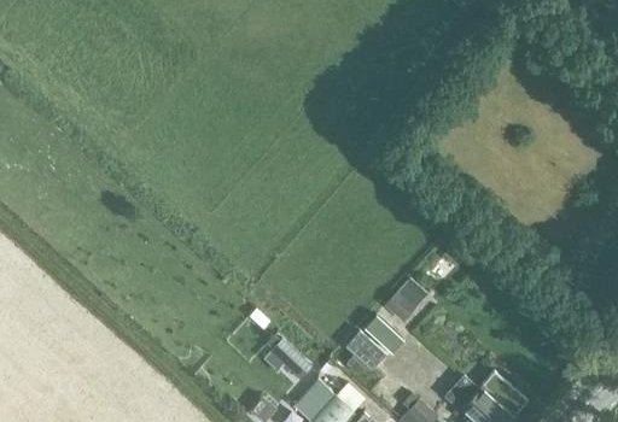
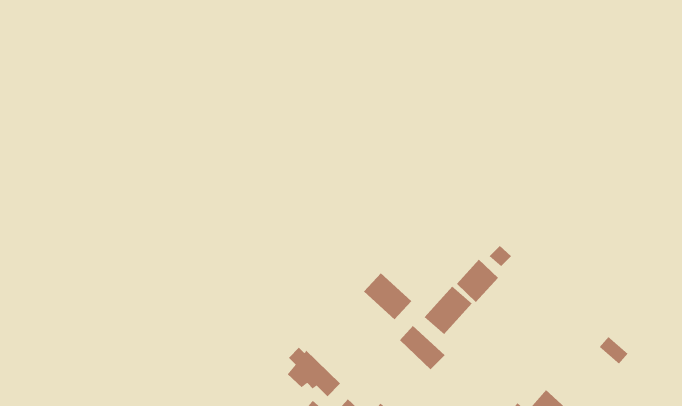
building: none -> [456,259,499,303]
building: [345,330,389,373] -> [363,273,412,320]

